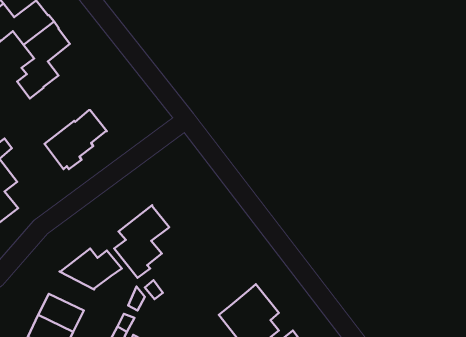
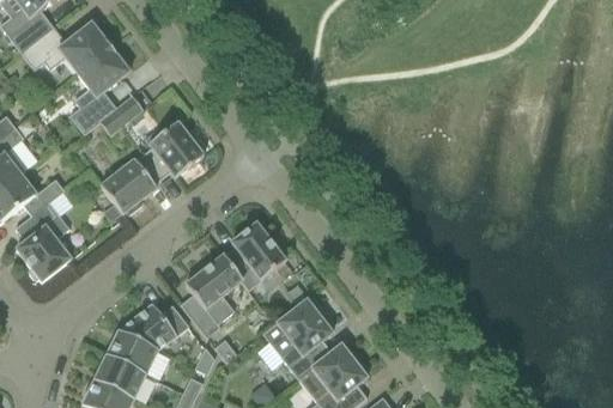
building: none -> [101,93,145,134]
building: none -> [146,121,205,176]
building: none -> [224,221,286,288]
building: none -> [263,298,333,378]
building: none -> [107,329,158,373]

